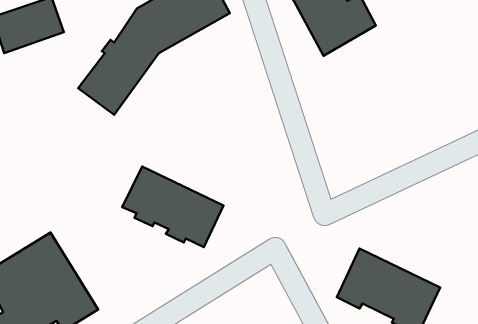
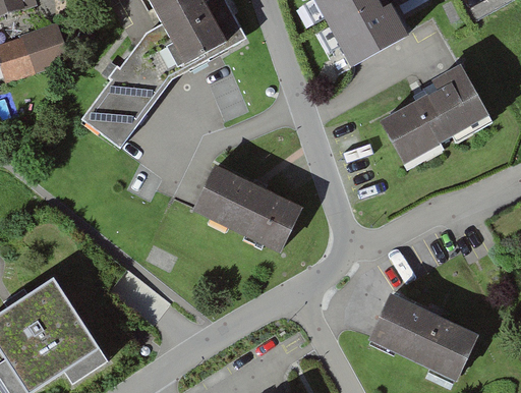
building: none -> [377,80,488,181]
building: [122,167,224,247] -> [193,164,302,250]

